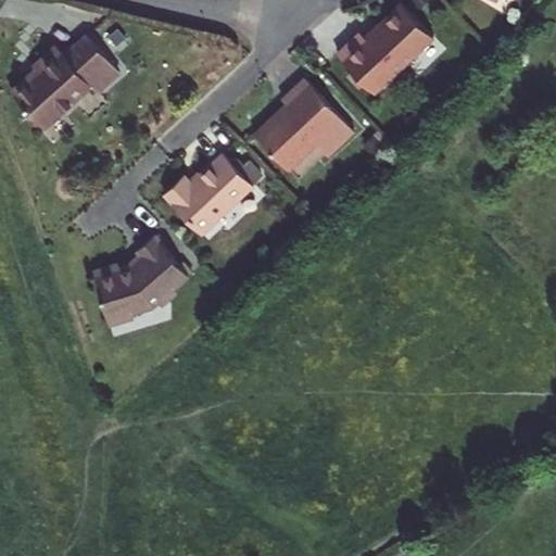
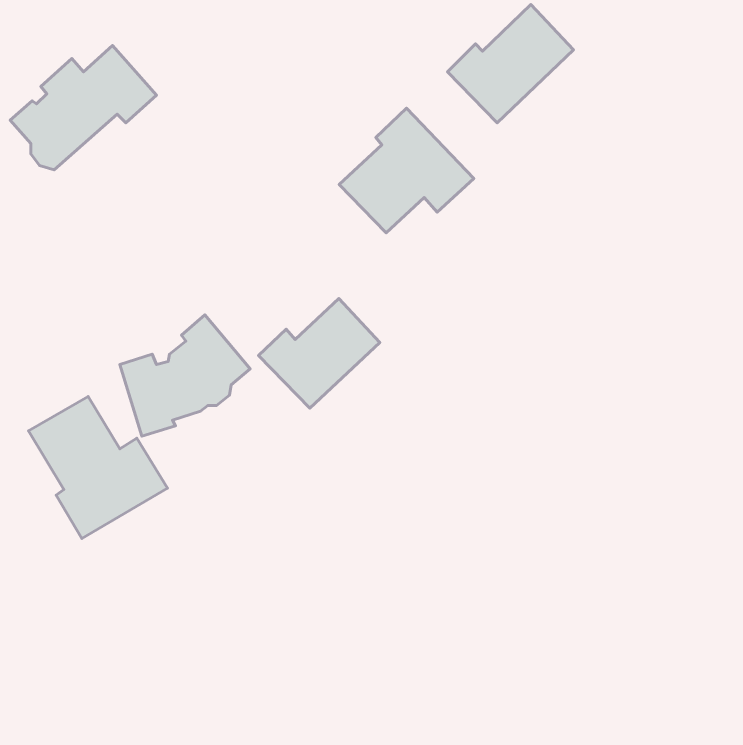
building: [165,153,255,235] -> [259,298,380,408]
building: none -> [29,396,167,538]

